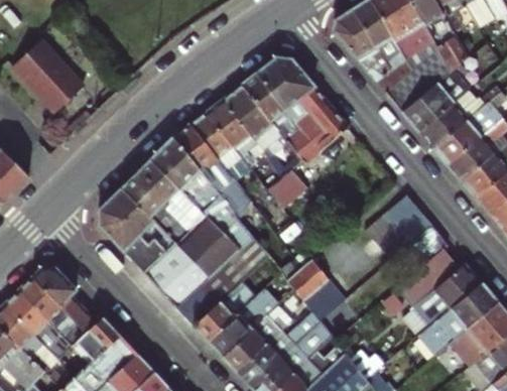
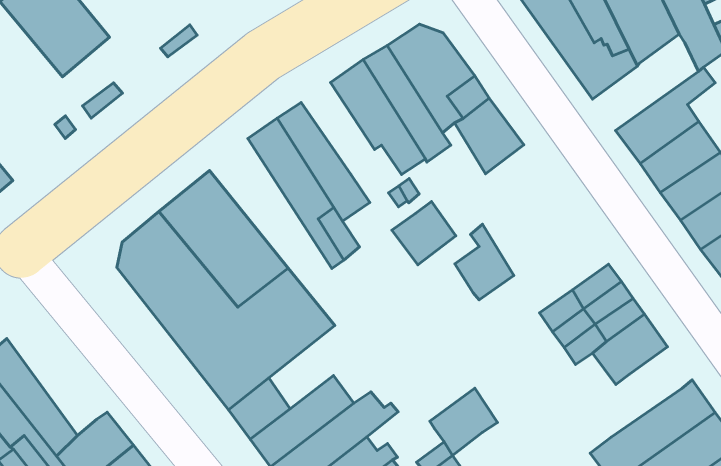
building: [387,48,452,112] -> none
building: [206,98,257,154] -> none
building: [287,116,325,163] -> [455,224,514,300]
building: [152,137,252,249] -> none
building: [390,251,459,314] -> none
building: [287,260,330,303] -> none
building: [35,267,96,332] -> none

